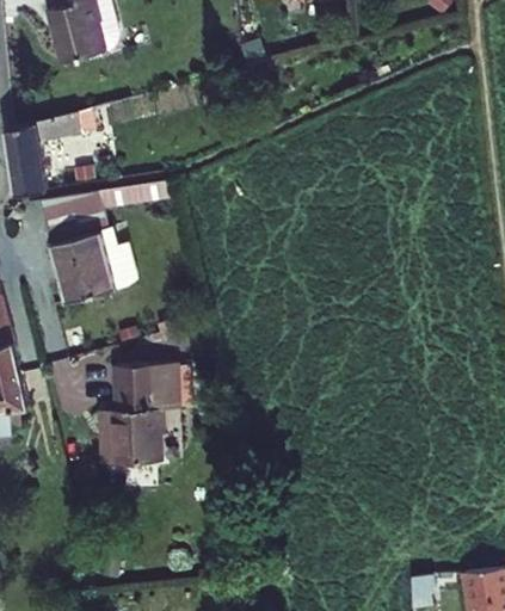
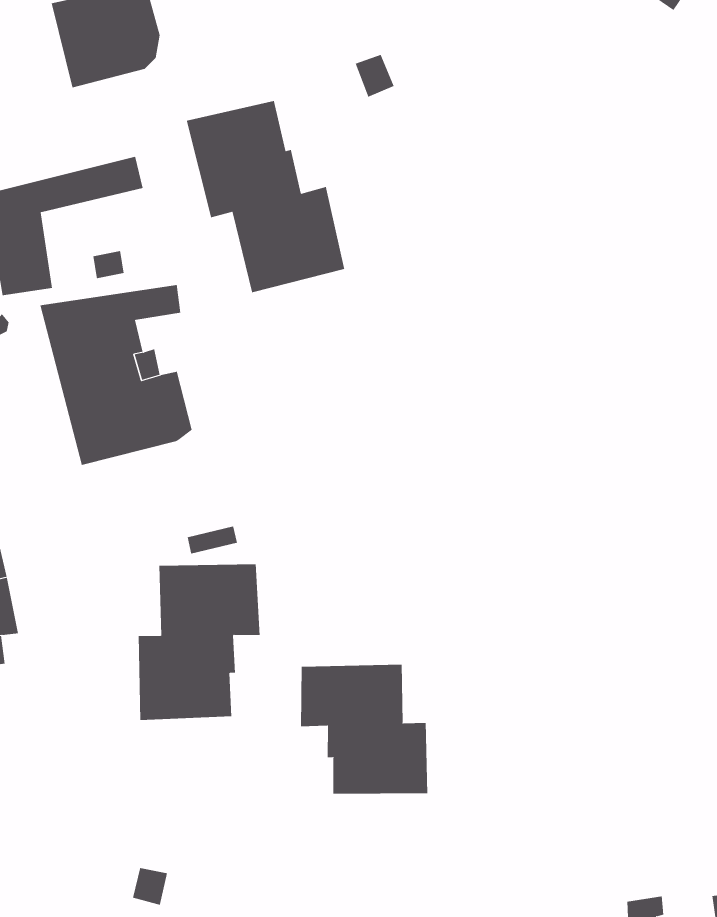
building: none -> [186,100,345,293]
building: none -> [300,664,428,795]

